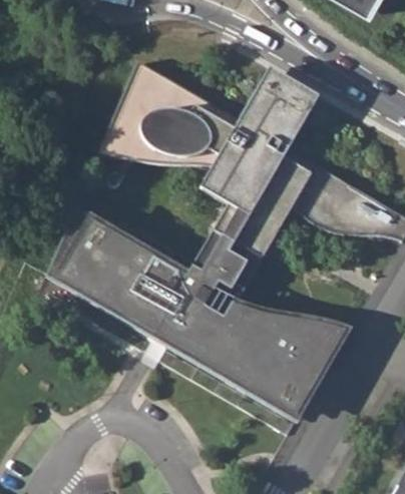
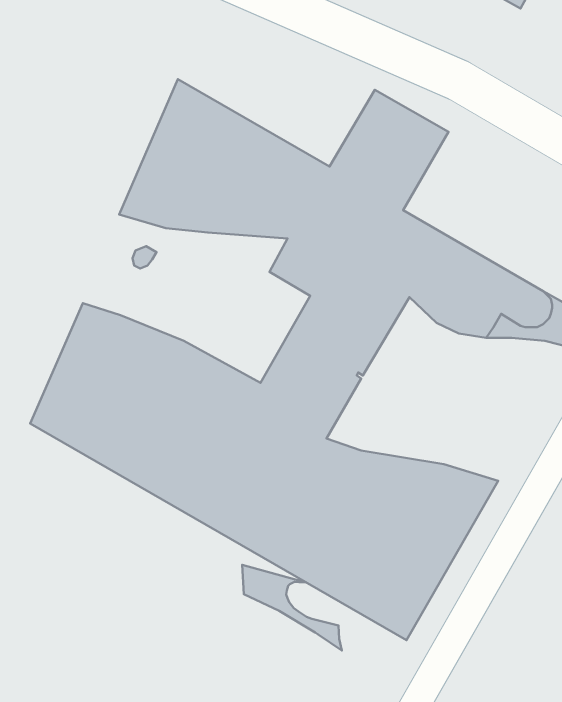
building: none -> [242,565,342,651]

